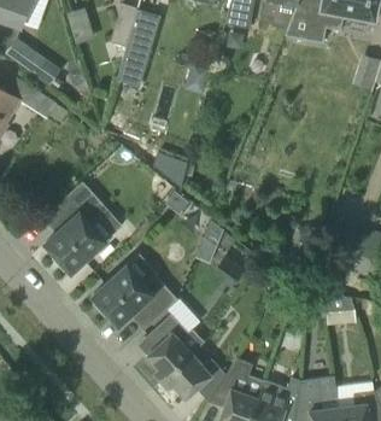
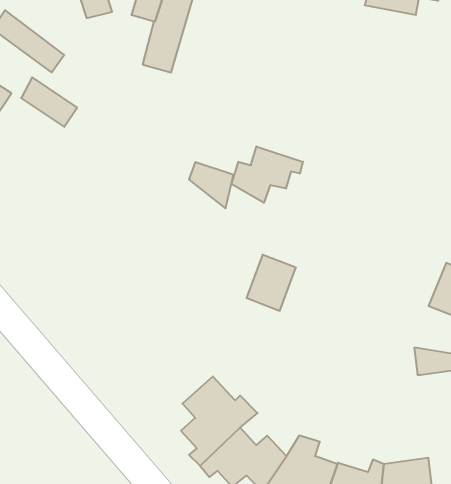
building: none -> [231,146,303,203]
building: [41,181,105,271] -> none
building: [92,264,177,331] -> none

